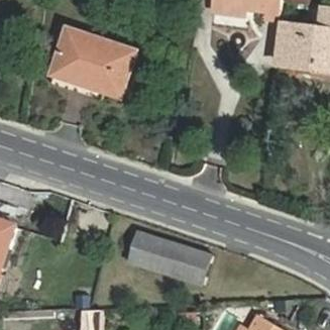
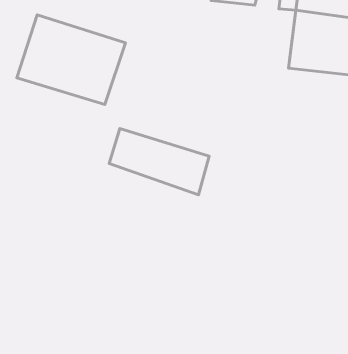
building: [128,231,212,287] -> [109,128,209,195]

